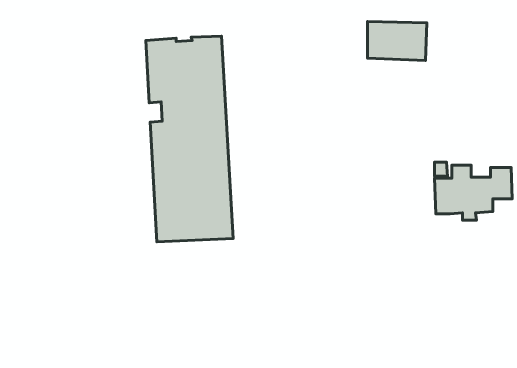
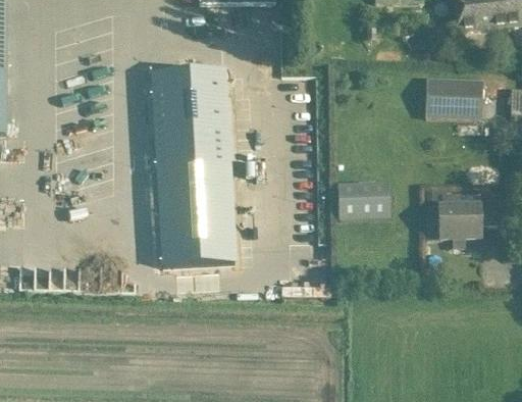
building: [367,22,427,60] -> [433,82,489,118]
building: none -> [336,178,390,219]

